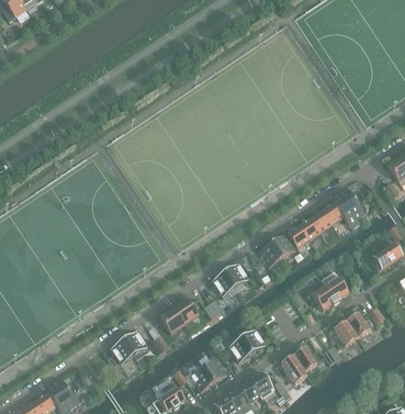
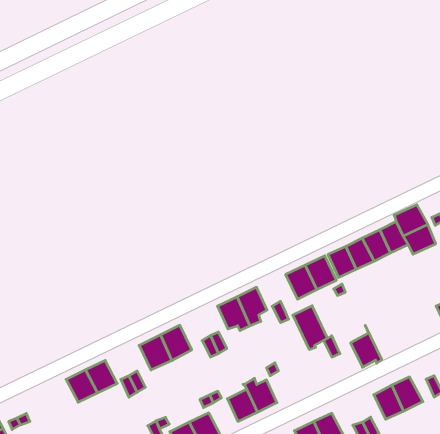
building: [320,271,348,303] -> [293,306,328,349]

